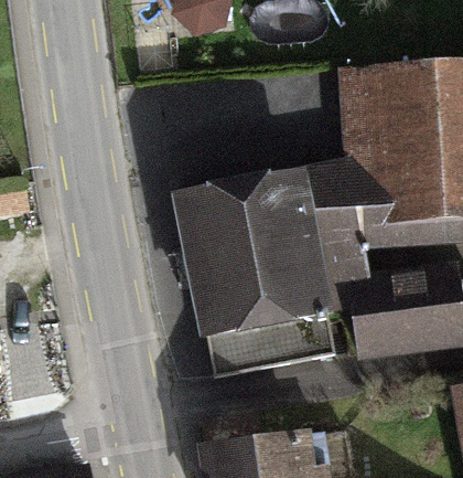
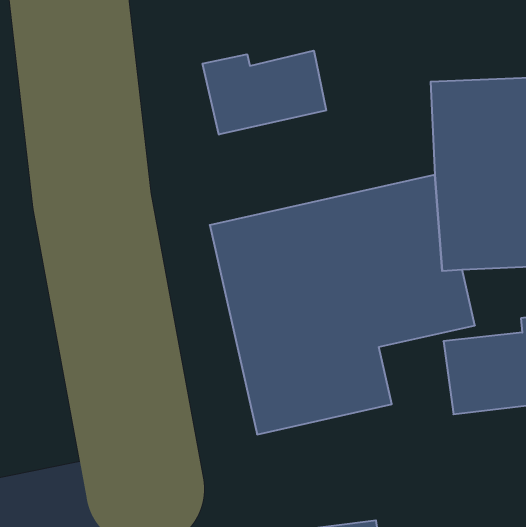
building: none -> [203,51,326,135]

